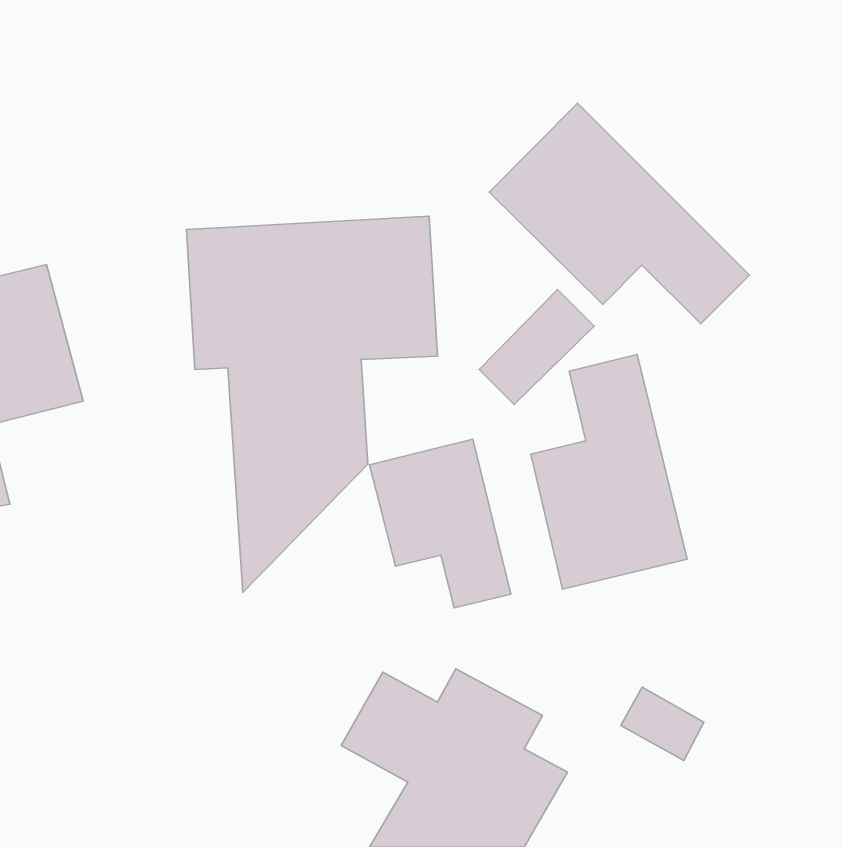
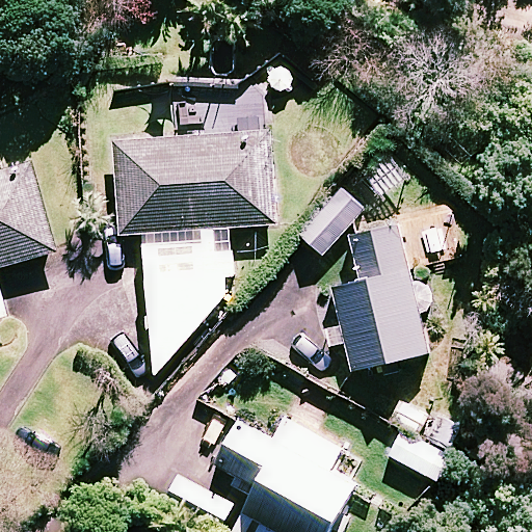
building: [489,103,749,324] -> none
building: [370,439,511,608] -> none

